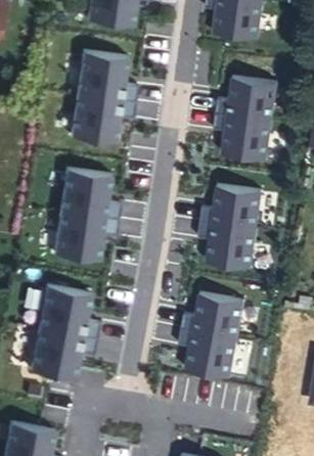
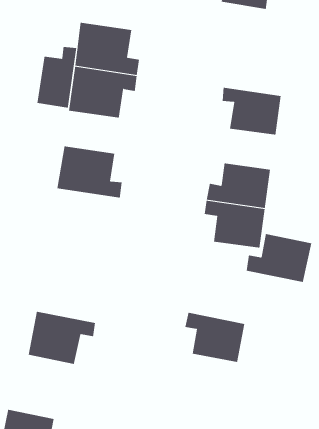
building: none -> [37,46,77,108]
building: [216,78,278,121] -> none
building: [50,210,118,260] -> none
building: [37,284,97,338] -> none
building: [182,292,245,339] -> [246,234,312,283]

